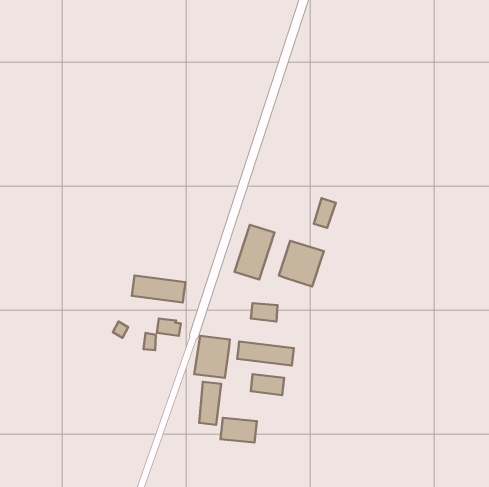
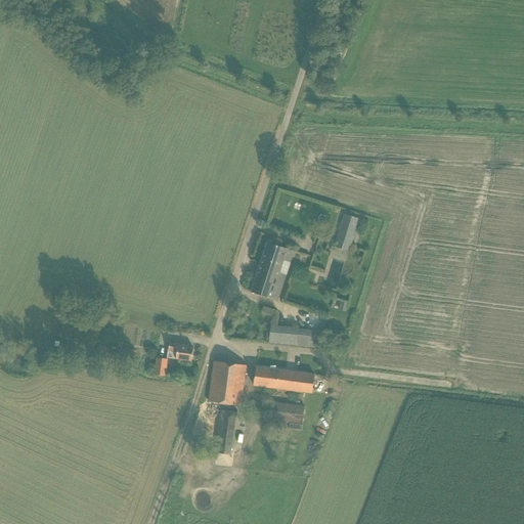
building: [279,241,324,287] -> none
building: [132,276,186,302] -> none
building: [221,418,257,443] -> none

